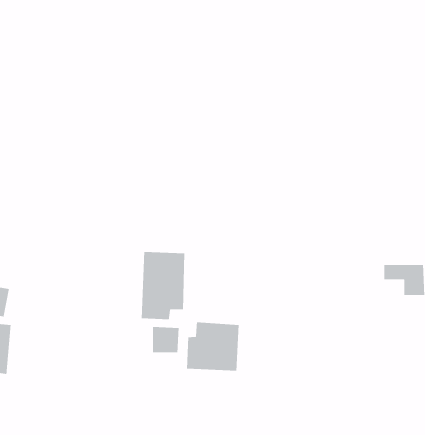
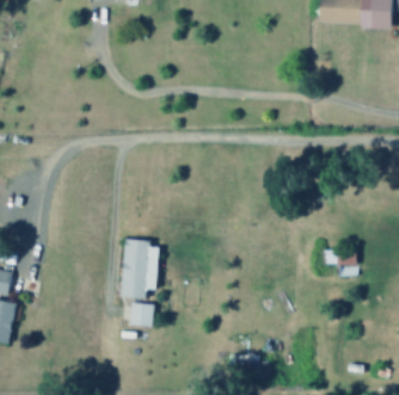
building: [186,322,240,371] -> none

